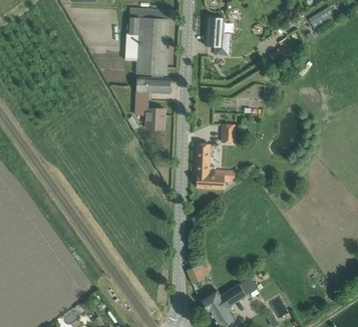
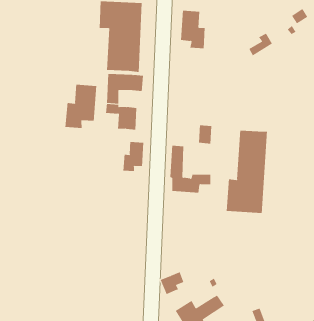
building: none -> [65,84,97,129]
building: none -> [226,130,268,214]
building: none -> [123,141,144,172]

